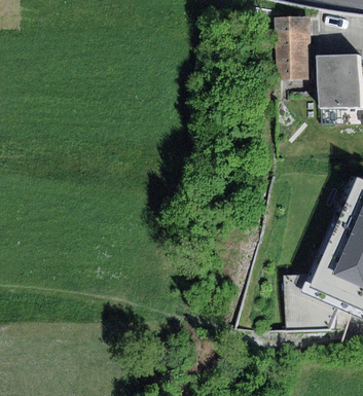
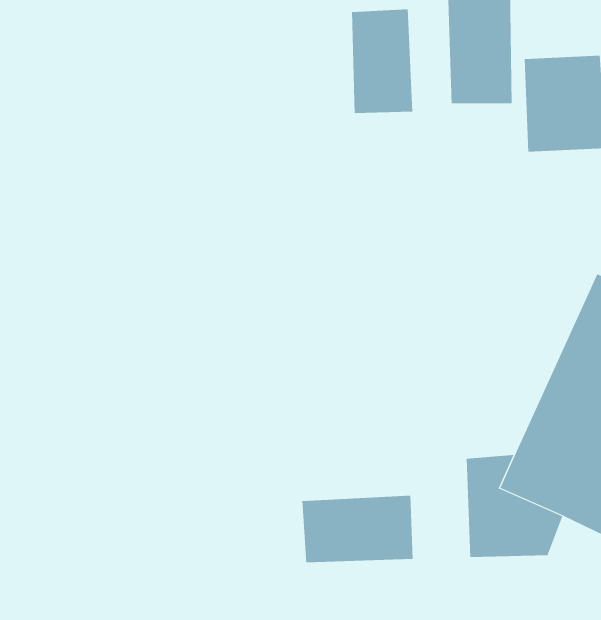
building: none -> [351,8,413,114]
building: none -> [302,495,413,563]

